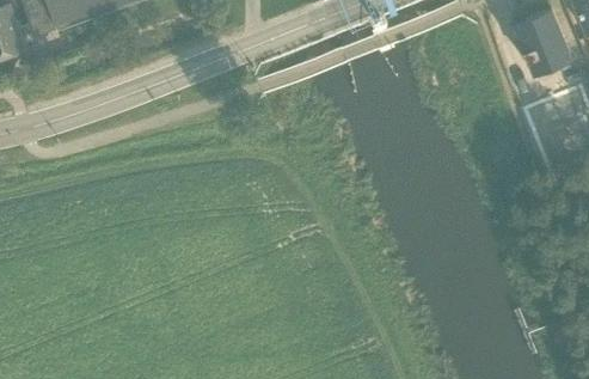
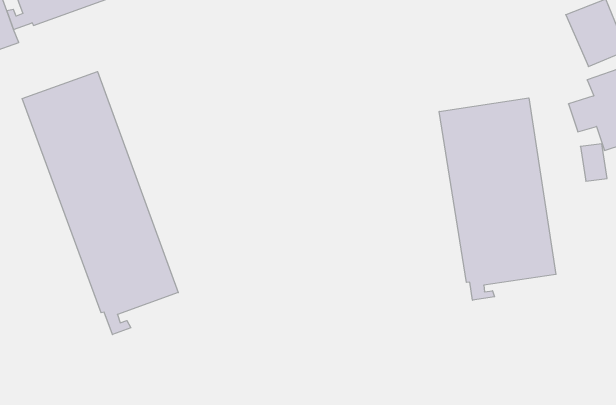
building: none -> [22,72,178,335]
building: none -> [439,98,556,300]

